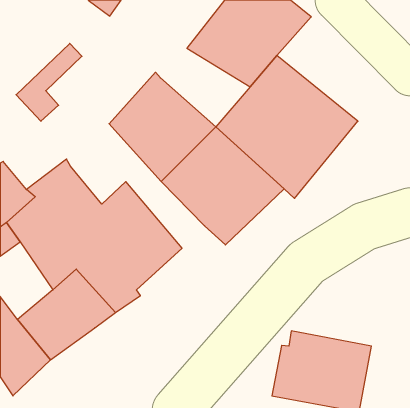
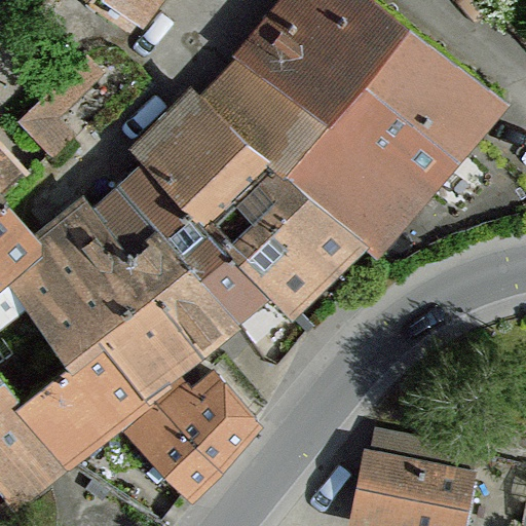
building: none -> [354,25,500,158]
building: none -> [205,65,321,165]
building: none -> [90,170,262,321]
building: none -> [121,379,255,497]

